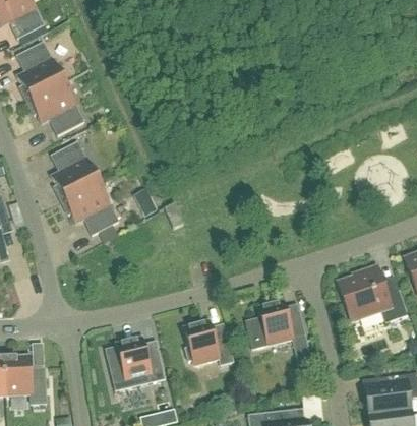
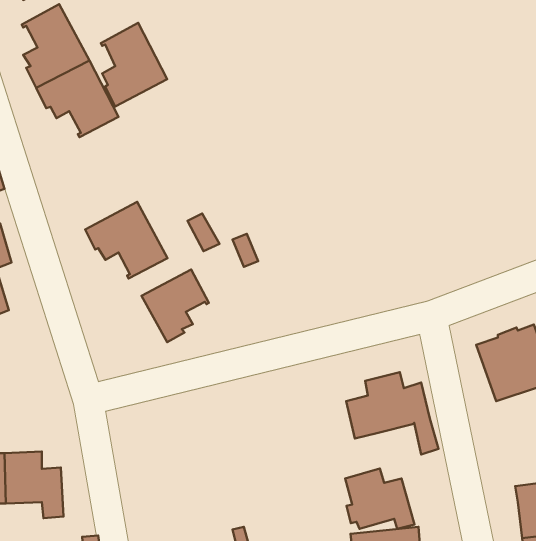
building: [51,140,98,199] -> [101,23,167,107]
building: none -> [141,269,209,342]
building: [184,320,233,363] -> [345,468,414,529]
building: [106,337,165,389] -> none

